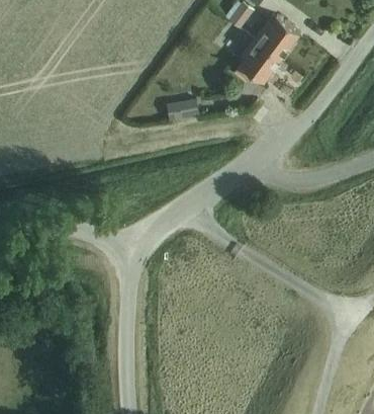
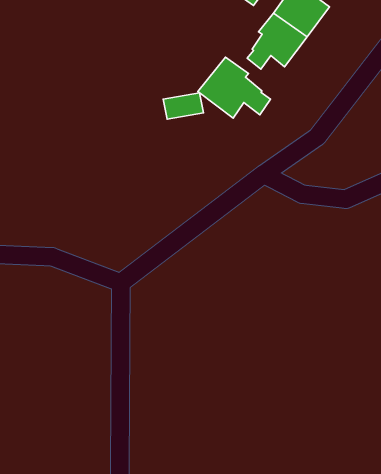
building: none -> [198,57,271,118]

